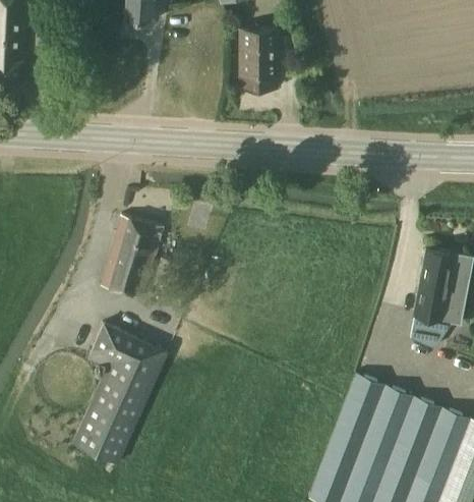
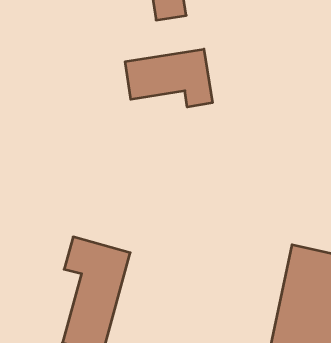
building: none -> [125,49,212,107]
building: [101,216,163,298] -> none

